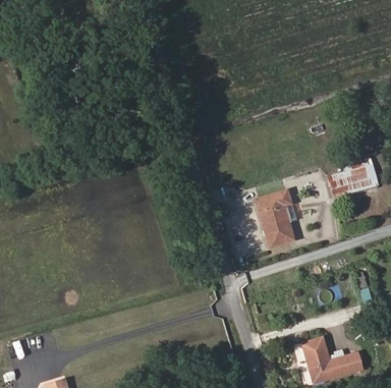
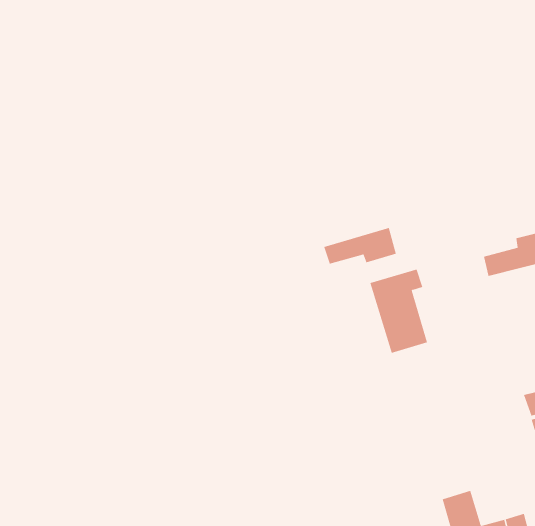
building: none -> [324,227,397,264]

